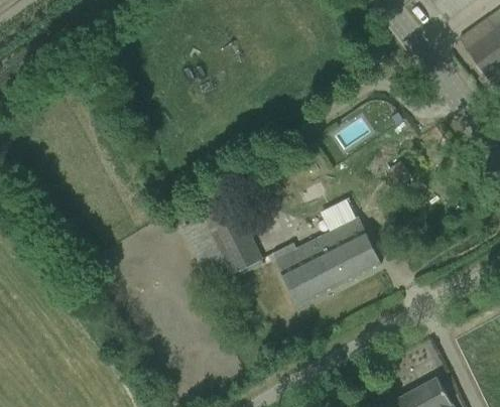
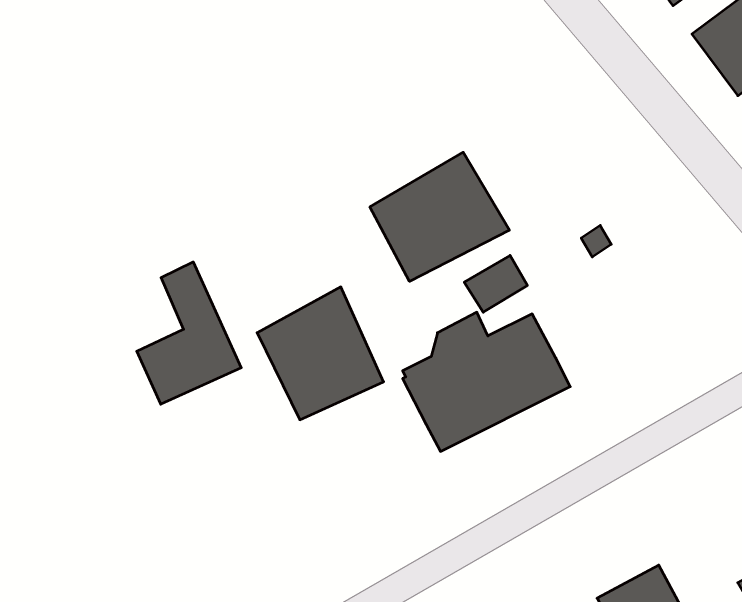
building: none -> [370,152,509,281]
building: none -> [137,262,241,404]

